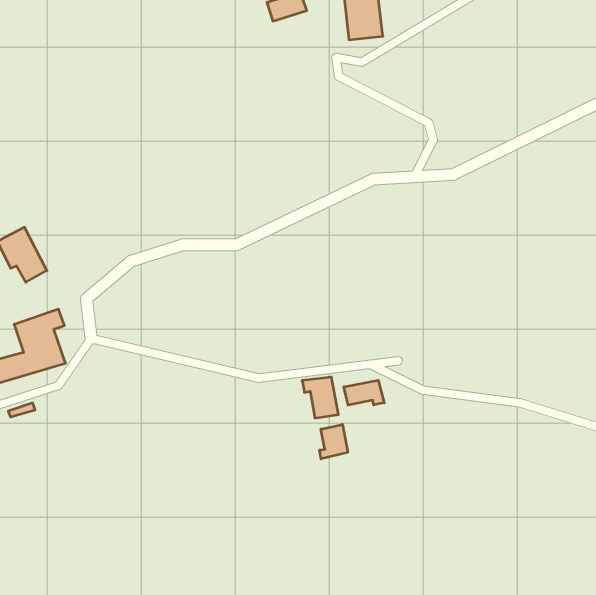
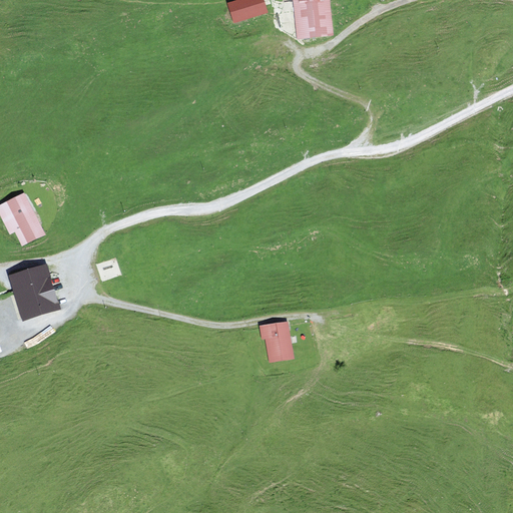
building: [344,380,384,405] -> none
building: [320,424,348,459] -> none

